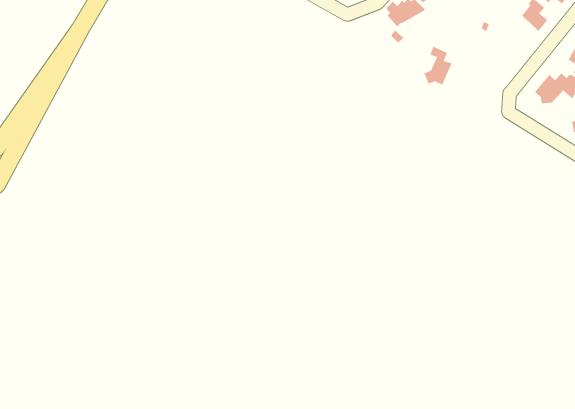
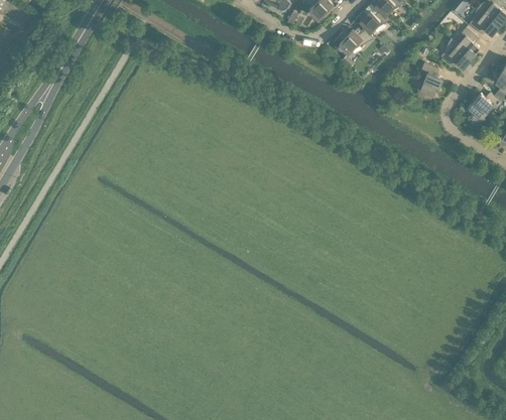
building: none -> [441,37,472,65]
building: [424,46,453,86] -> [417,61,442,97]

